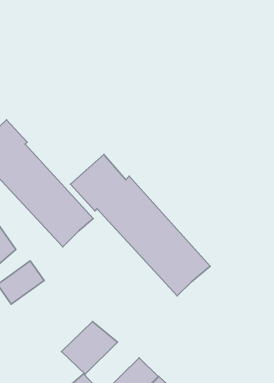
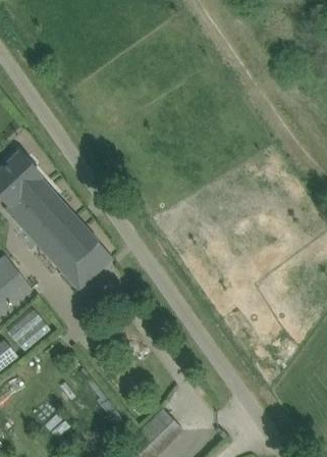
building: [71,155,210,296] -> none
building: [61,322,117,374] -> none

